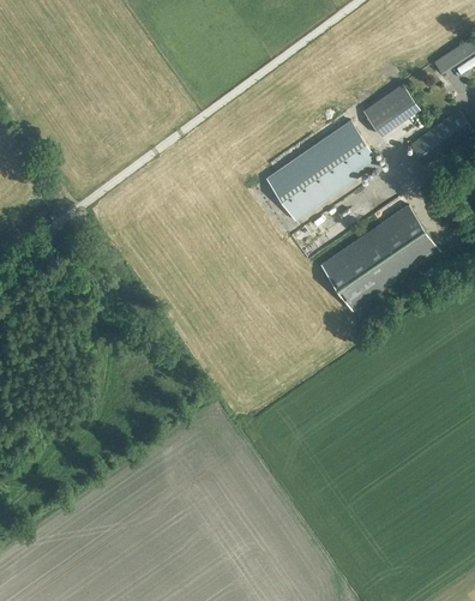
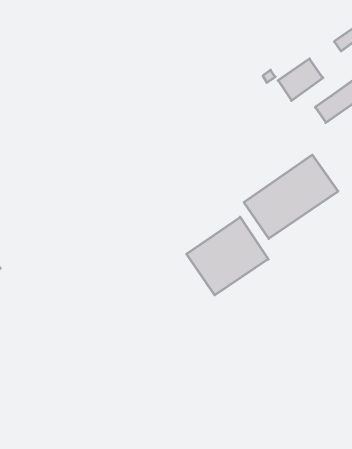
building: [266,121,379,221] -> none
building: none -> [187,217,268,295]

